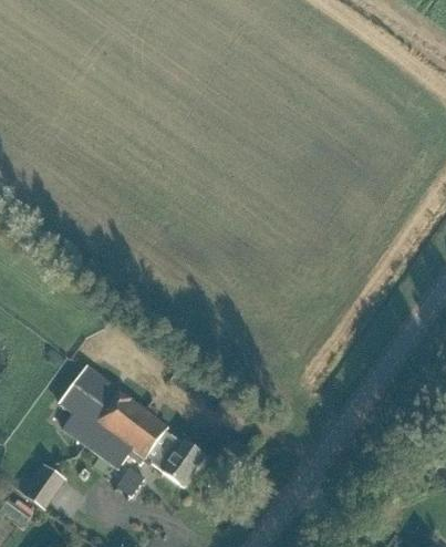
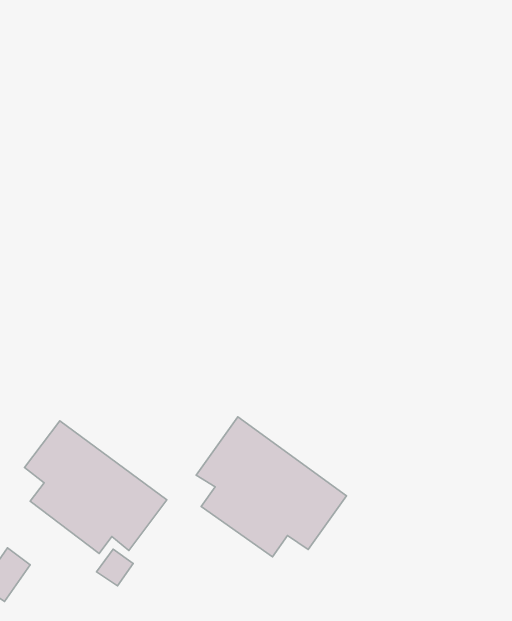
building: none -> [196,417,346,557]
building: [152,437,206,488] -> none

